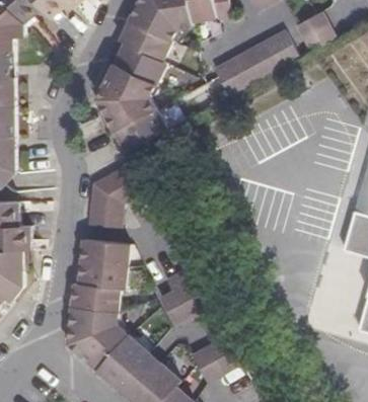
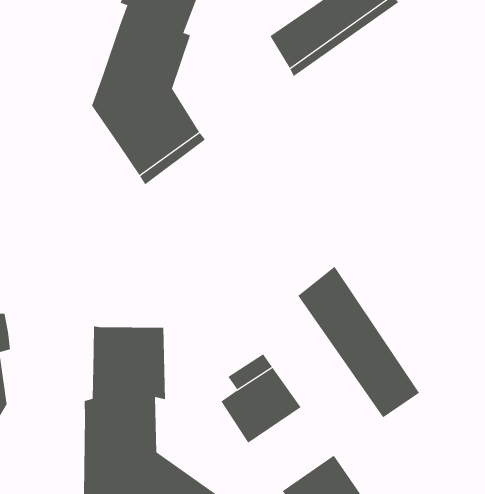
building: [90,163,147,227] -> none
building: none -> [298,266,420,418]

